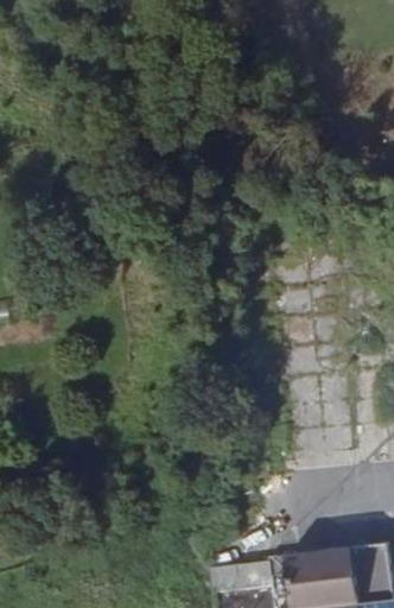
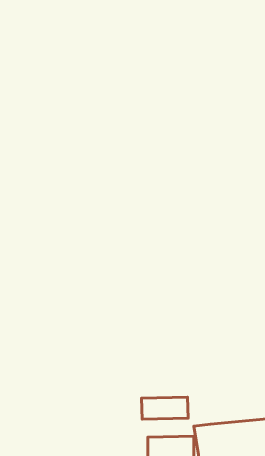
building: none -> [141,397,188,419]

